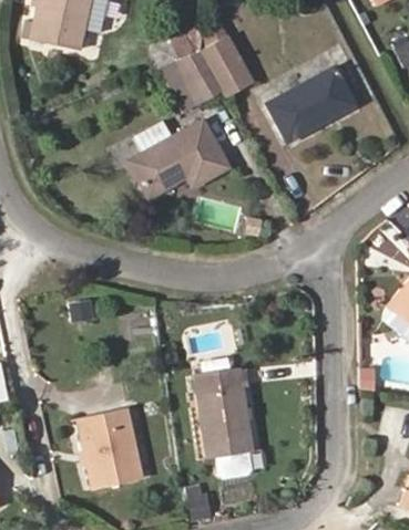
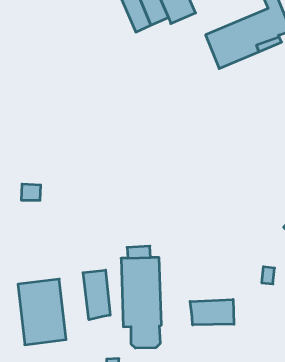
building: [129,119,228,196] -> none
building: none -> [83,270,110,320]
building: none -> [190,299,234,325]

